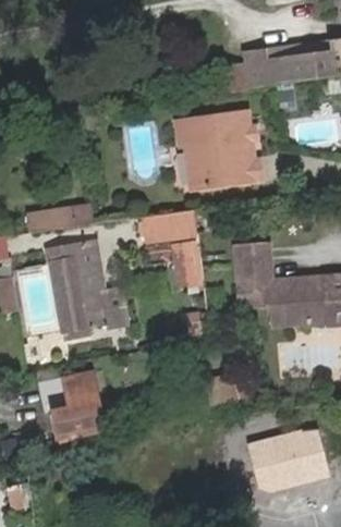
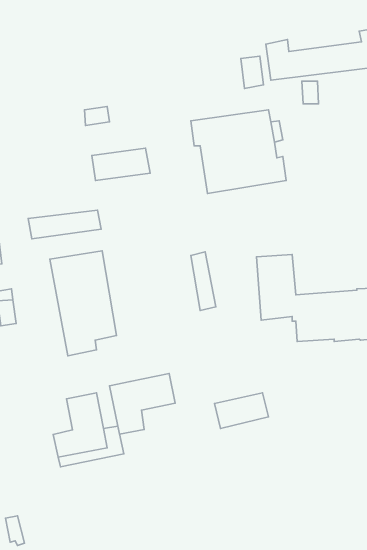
building: [139,210,193,240] -> [92,148,150,180]
building: none -> [110,374,175,434]
building: [246,426,331,490] -> none

